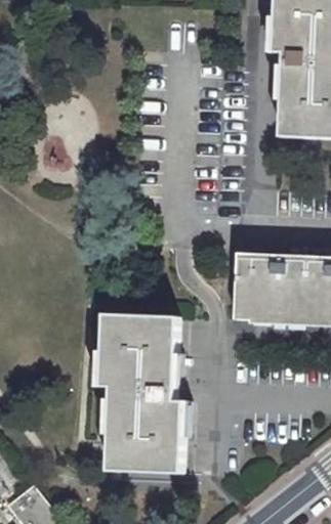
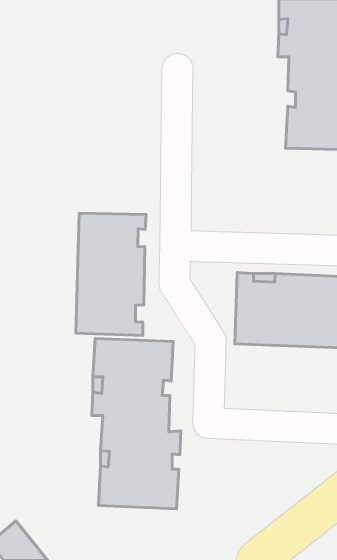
building: none -> [76,213,146,335]

